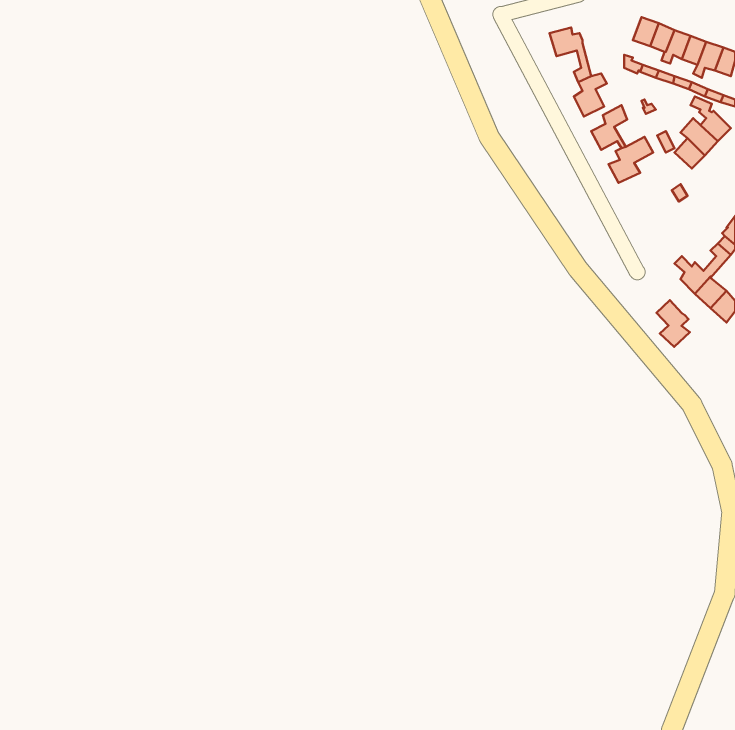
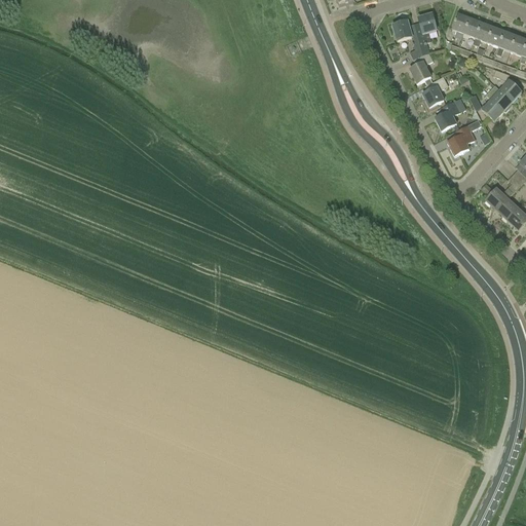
building: none -> [416,12,437,54]
building: none -> [447,119,482,155]
building: [656,300,690,347] -> none

